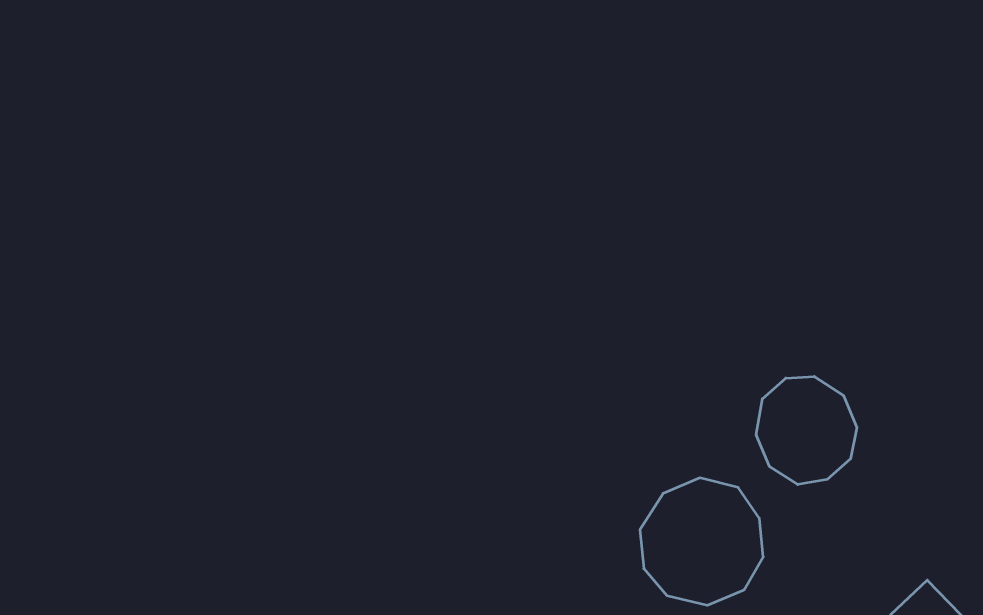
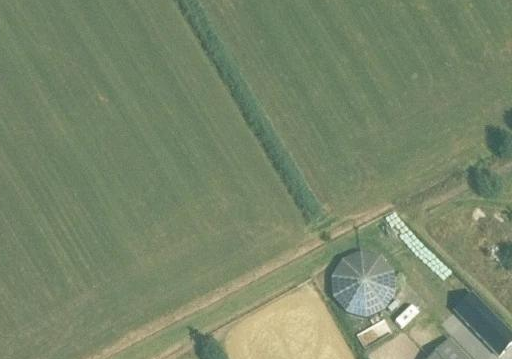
building: [756,376,857,485] -> none

